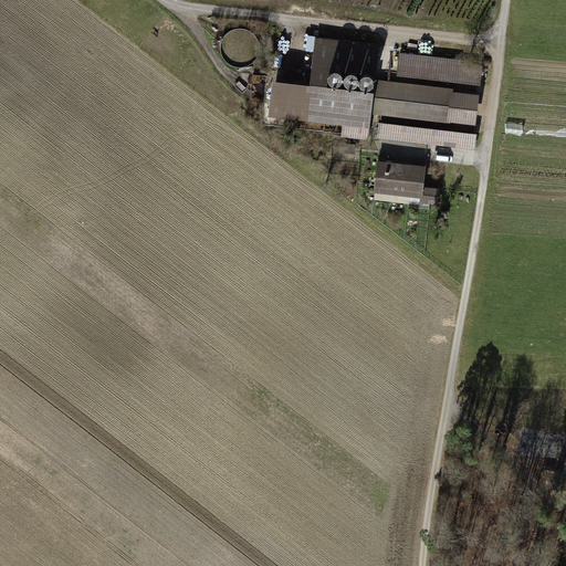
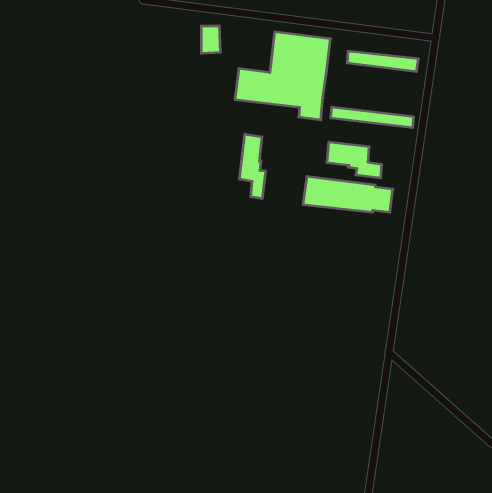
building: [369,81,472,122] -> [303,176,393,212]
building: none -> [239,134,266,199]

